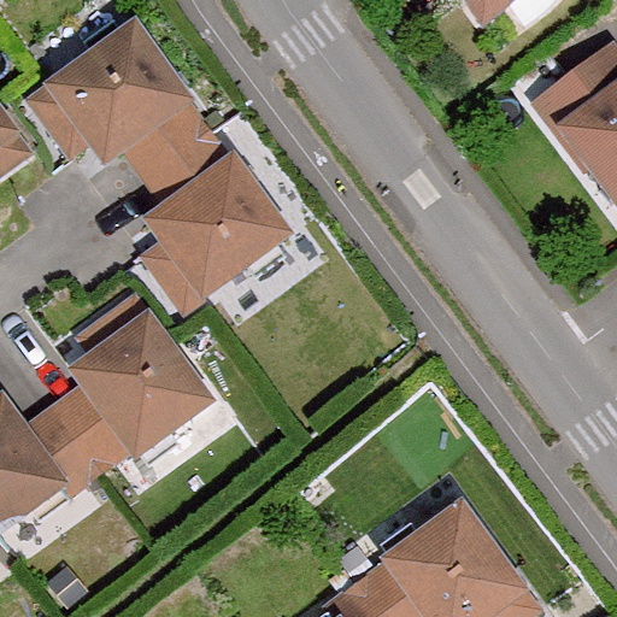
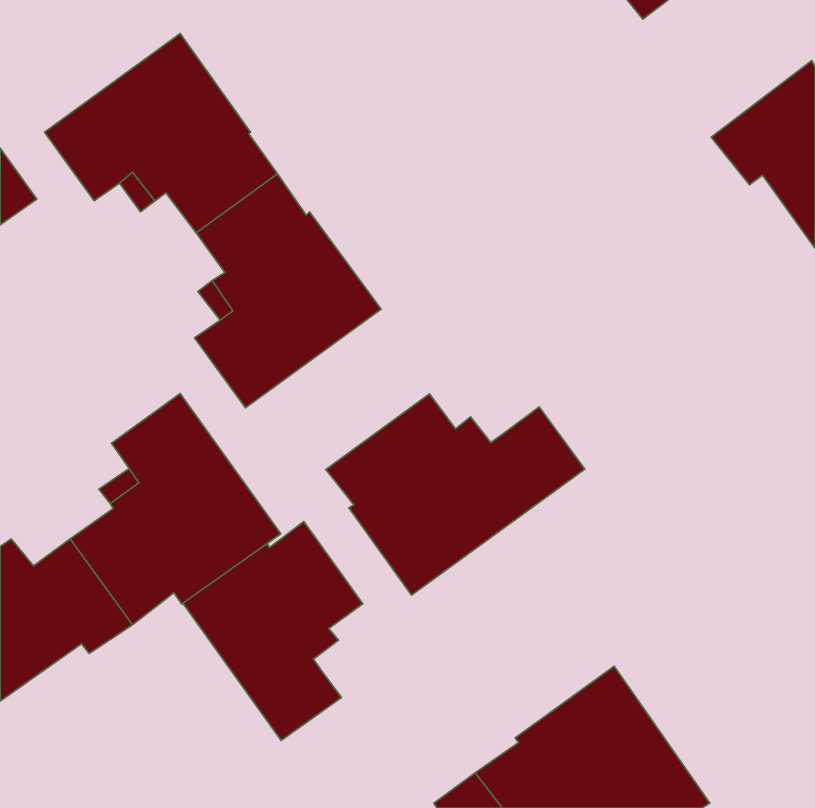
building: none -> [326,394,585,595]
building: none -> [183,522,363,741]

